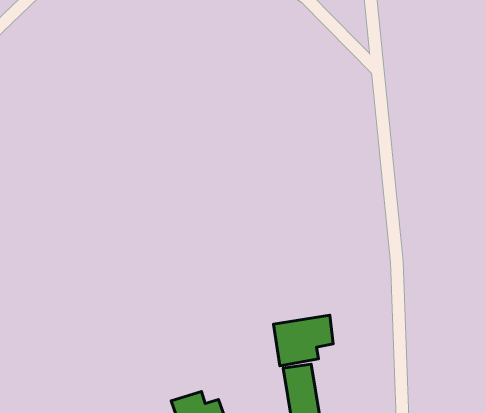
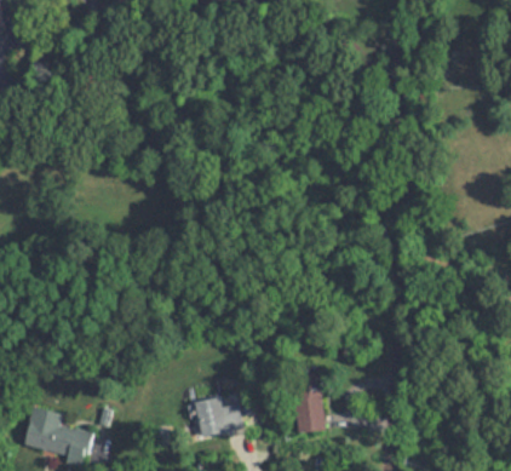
building: [273,315,333,366] -> none

